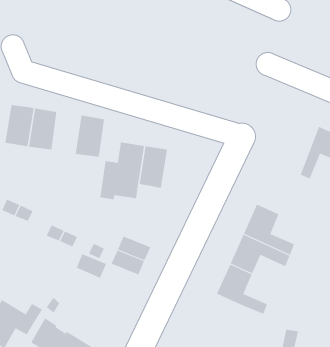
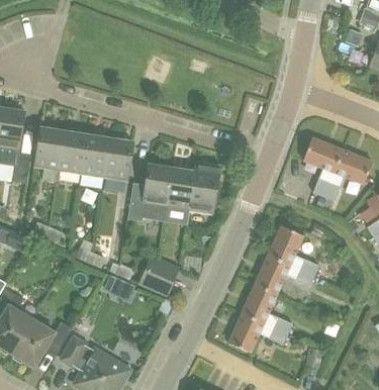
building: none -> [81,135,109,177]
building: none -> [302,137,342,197]
building: none -> [188,163,219,213]
building: none -> [228,313,288,353]

